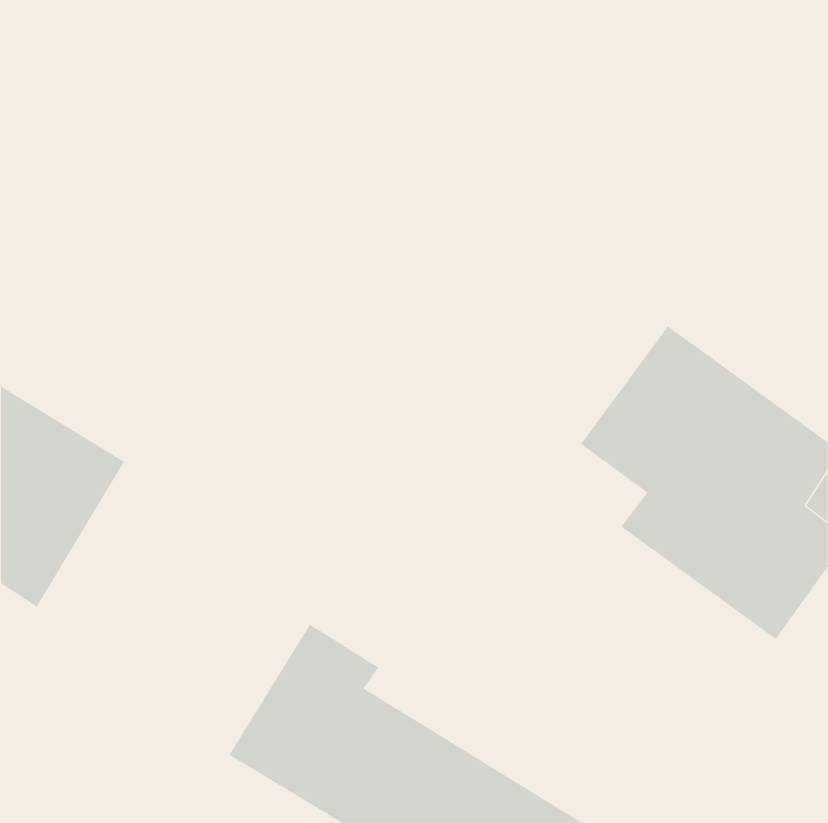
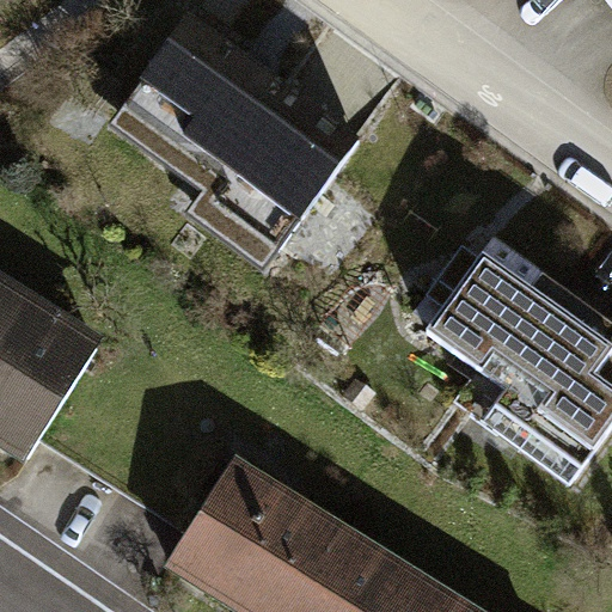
building: none -> [115,47,338,269]

